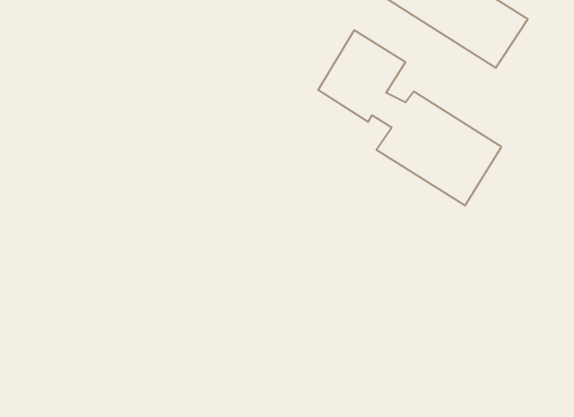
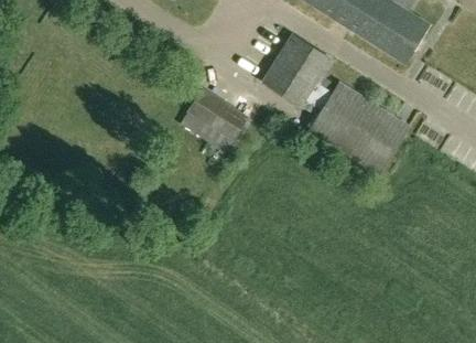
building: none -> [188,90,247,140]

